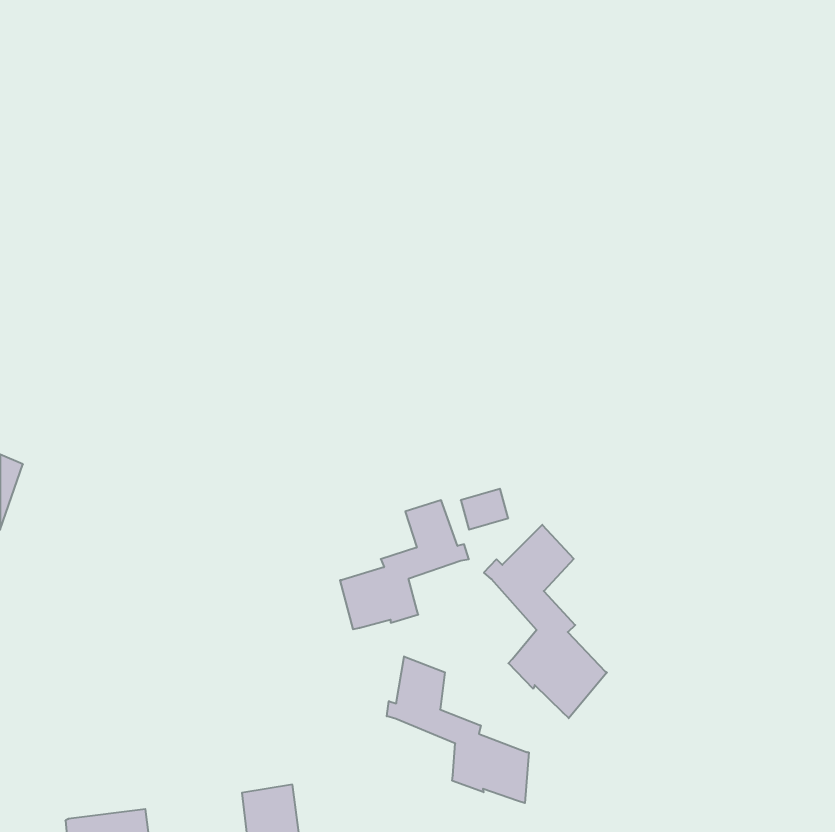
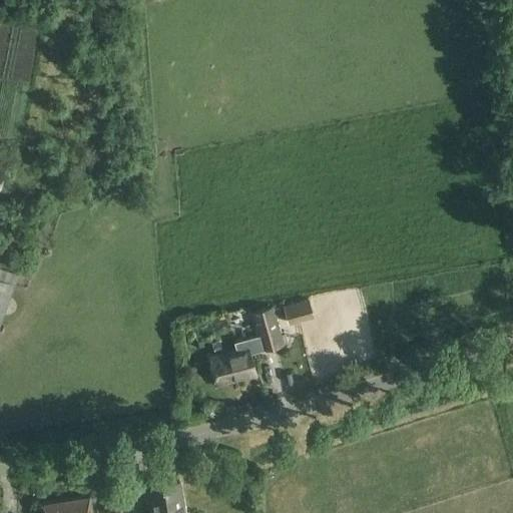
building: [484,525,607,718] -> none
building: [387,656,529,803] -> none

